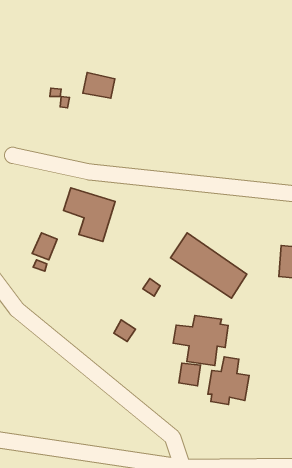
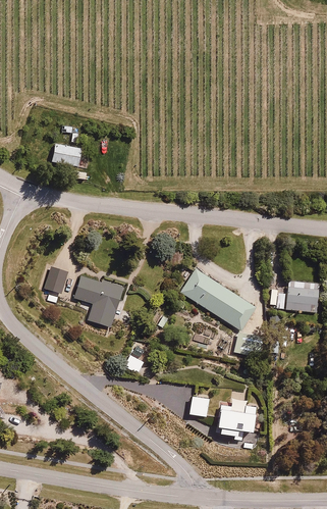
building: [83,72,115,98] -> [49,141,80,166]
building: [63,188,115,242] -> [71,274,122,327]
building: [173,316,228,366] -> none

